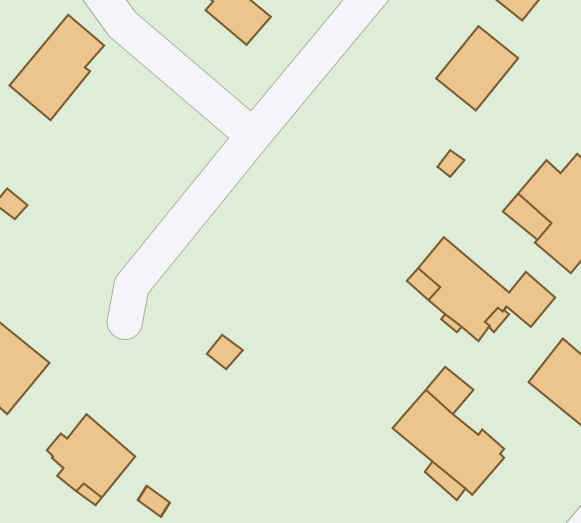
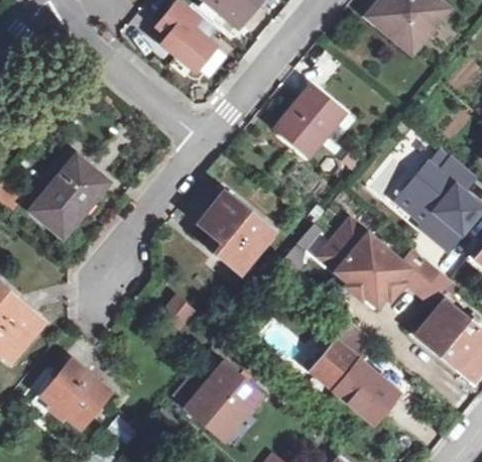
building: [9,15,104,120] -> [29,155,104,238]
building: [436,26,518,111] -> [277,88,342,154]
building: none -> [200,193,272,272]
building: none -> [174,365,265,432]

